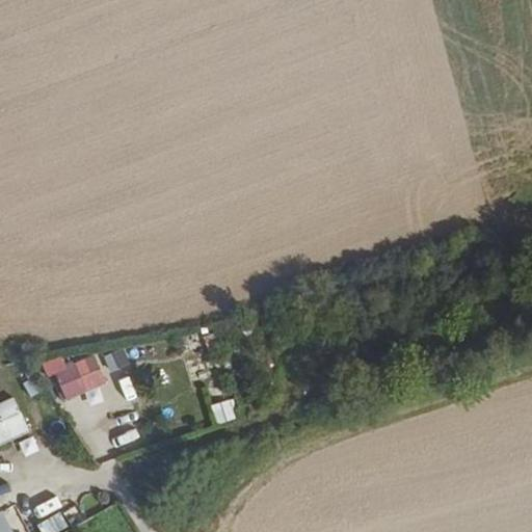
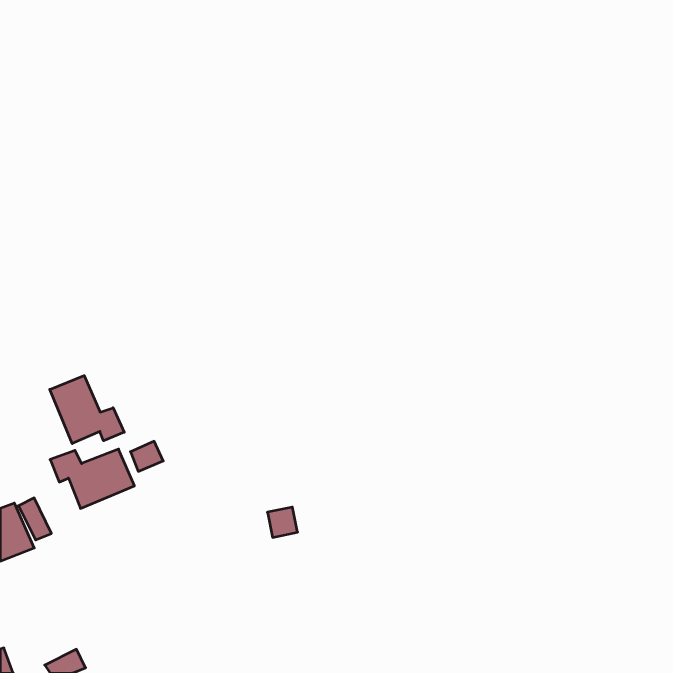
building: none -> [50,376,124,444]

